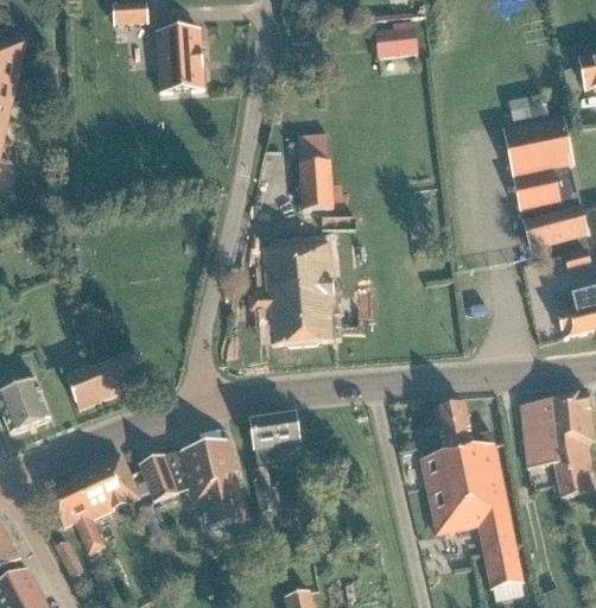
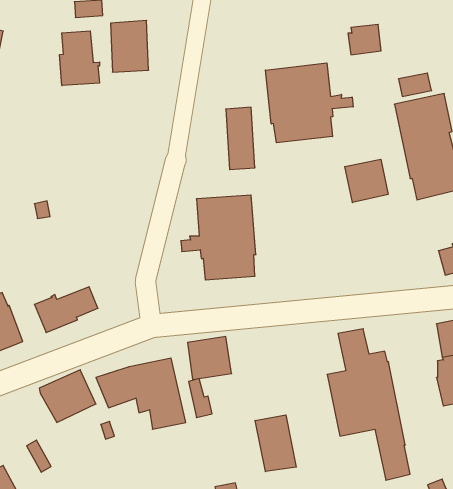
building: [375,20,416,57] -> [348,24,381,55]
building: none -> [60,31,100,86]
building: none -> [265,63,353,143]
building: none -> [345,159,388,203]
building: [520,397,562,467] -> none
building: [47,481,103,550] -> none
building: none -> [255,415,296,472]

